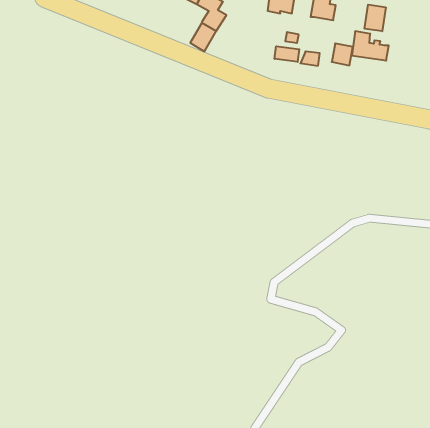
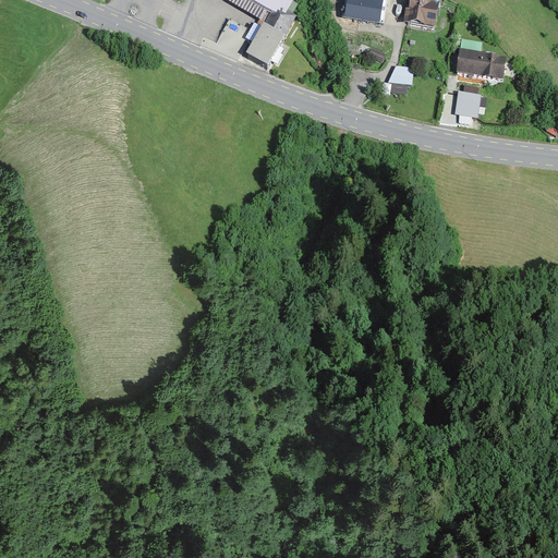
building: [365,5,386,31] -> none
building: [332,43,353,65] -> [456,90,483,119]
building: [275,46,299,62] -> none

